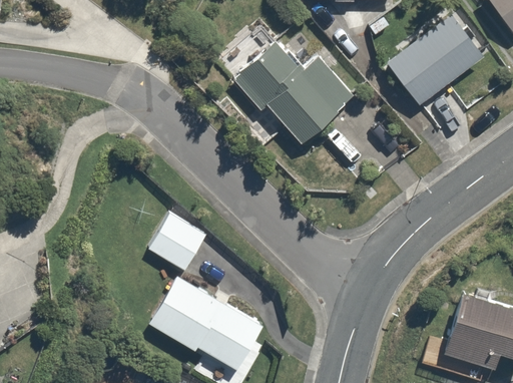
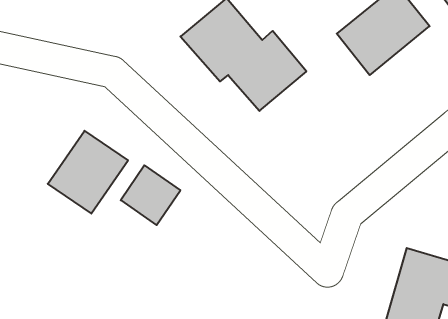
building: none -> [48,131,128,214]
building: [151,271,267,366] -> none

